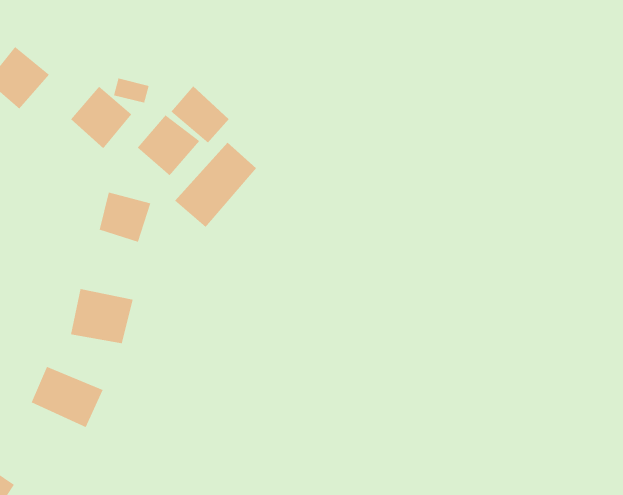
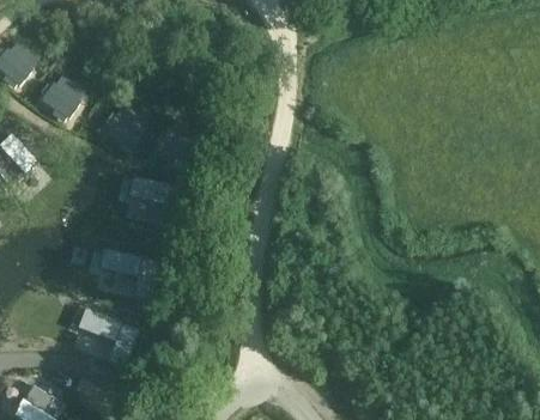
building: [171,85,230,144] -> none
building: [174,142,257,228] -> none

